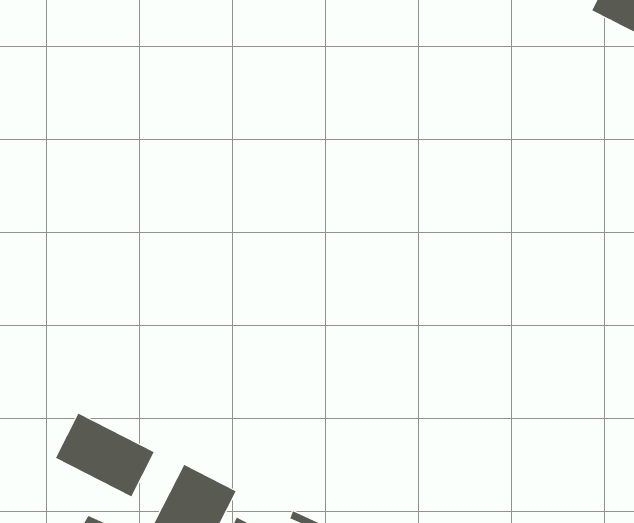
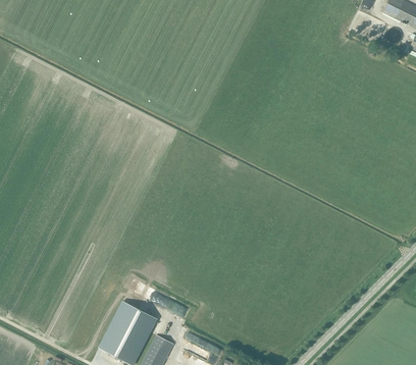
building: [55,413,155,497] -> none

